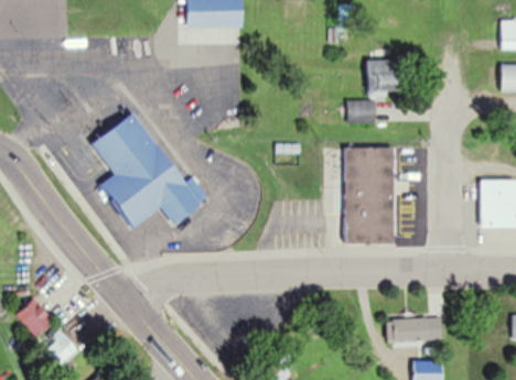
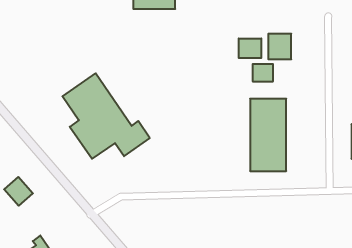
building: none -> [239,38,261,58]
building: [17,298,55,337] -> [4,177,33,206]
building: [387,319,442,341] -> none

